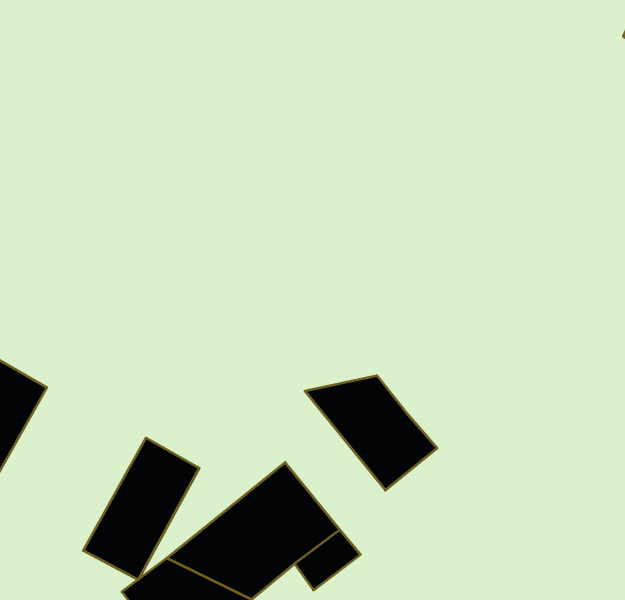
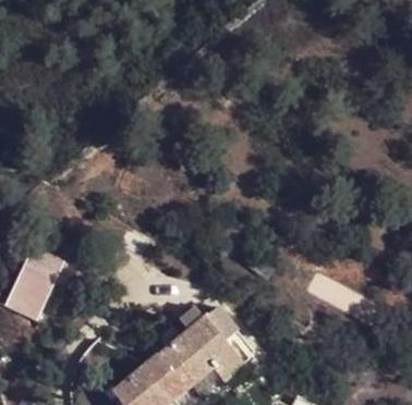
building: [305,376,437,490] -> none
building: [83,438,199,580] -> none

